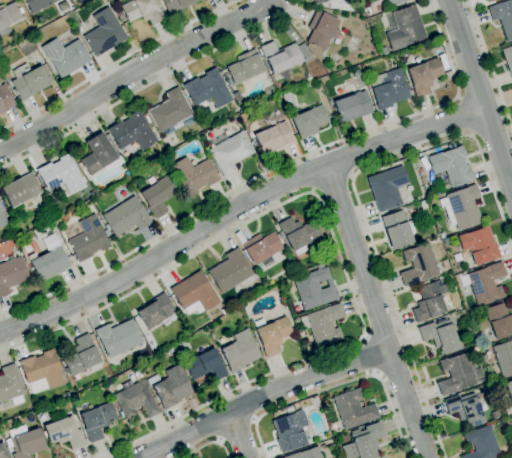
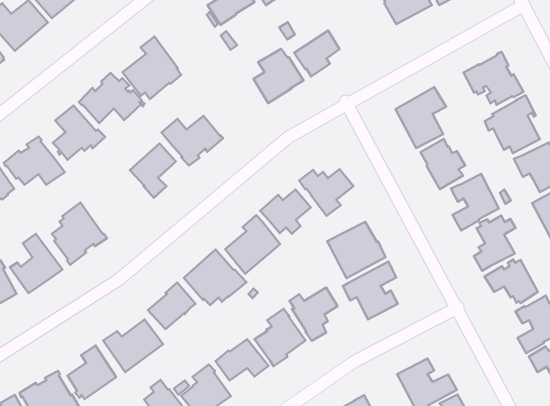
building: [184,67,234,109] -> none
building: [334,90,374,123] -> none
building: [209,130,256,178] -> none
building: [103,195,153,237] -> none

